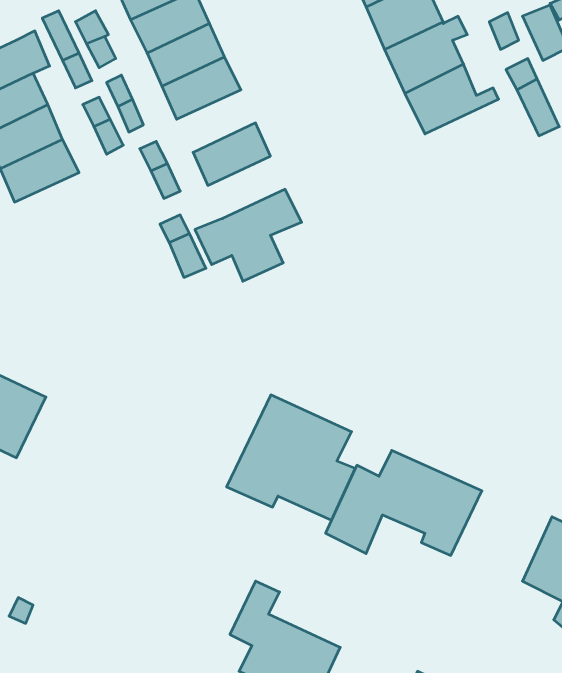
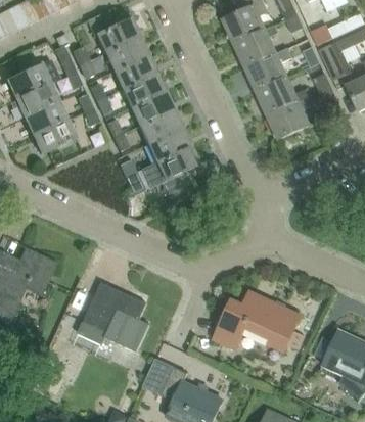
building: none -> [130,91,174,126]
building: none -> [268,96,314,140]
building: none -> [147,128,190,162]
building: [227,395,355,520] -> [77,283,148,353]
building: none -> [142,356,174,393]

